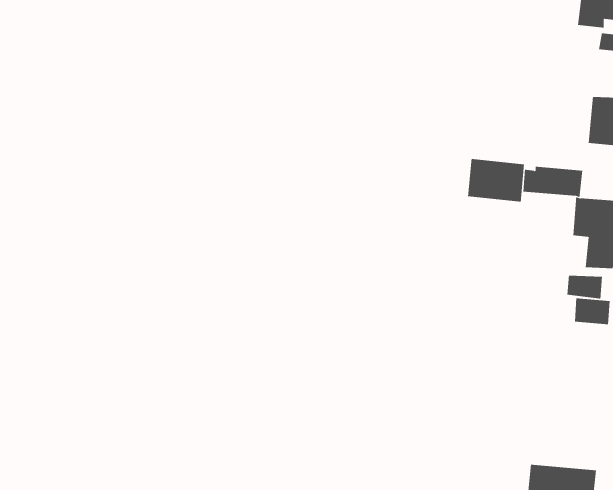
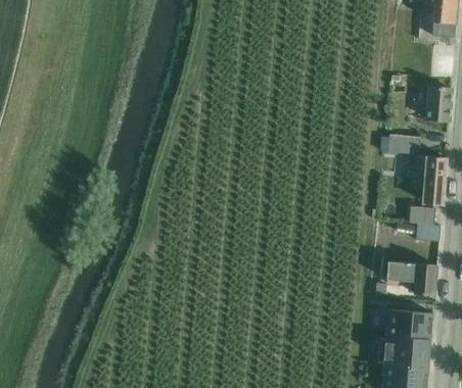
building: [467,158,525,203] -> none
building: none -> [374,261,436,295]
building: none -> [385,309,432,340]

